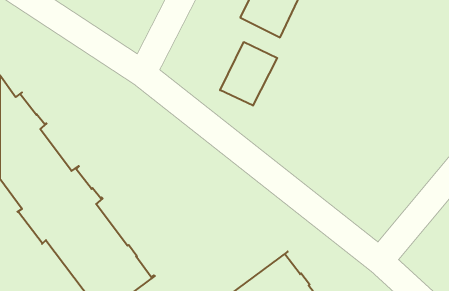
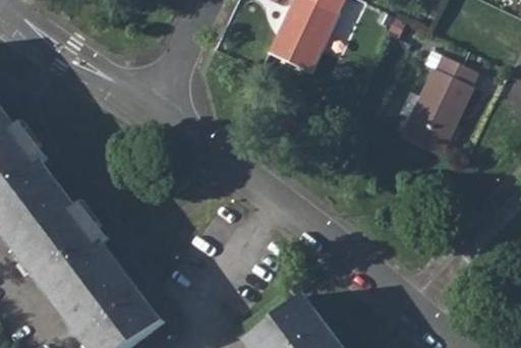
building: none -> [393,55,470,156]
building: [220,42,277,106] -> none

